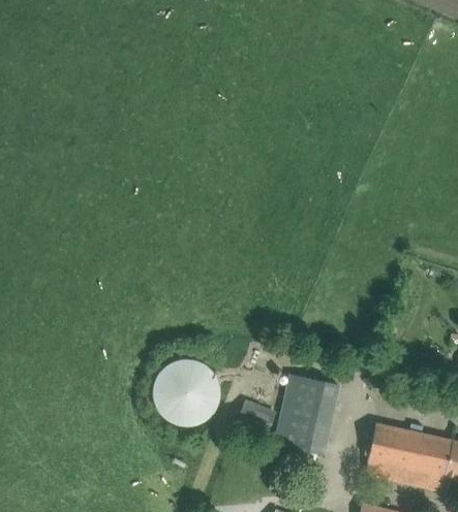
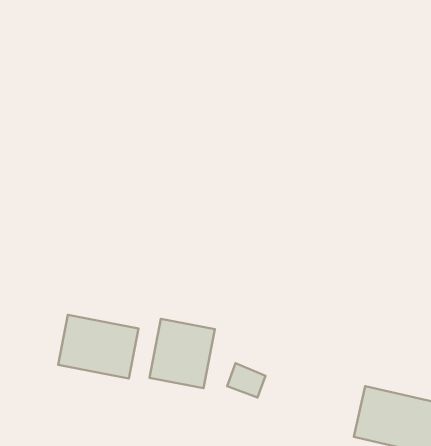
building: none -> [58,315,139,379]
building: [274,376,338,455] -> none

